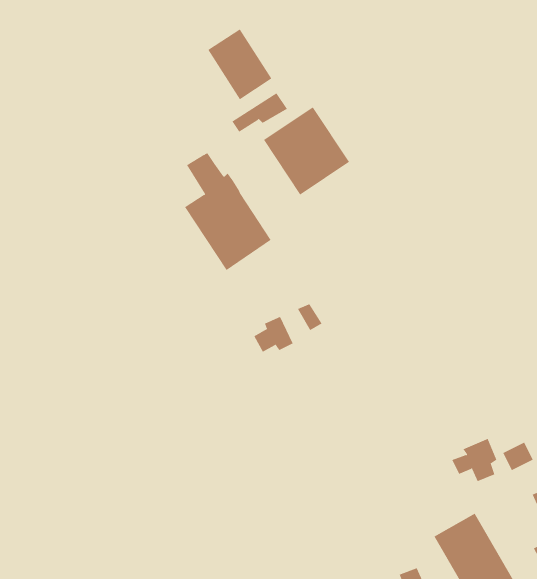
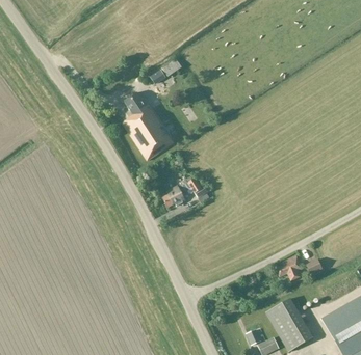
building: [207,28,272,100] -> none
building: [263,106,350,195] -> none

